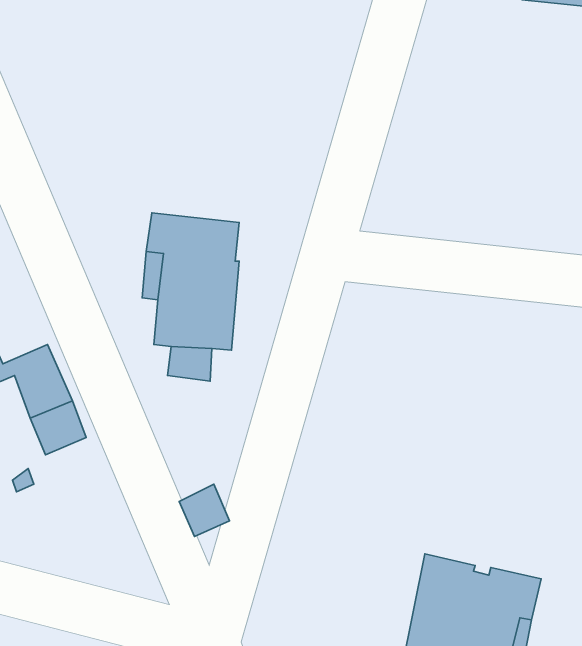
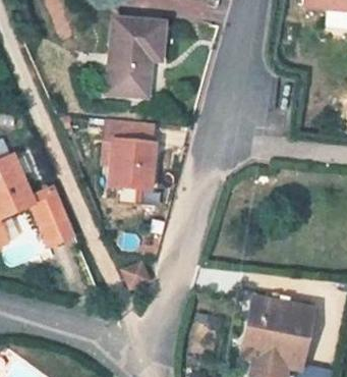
building: none -> [108,19,165,98]

